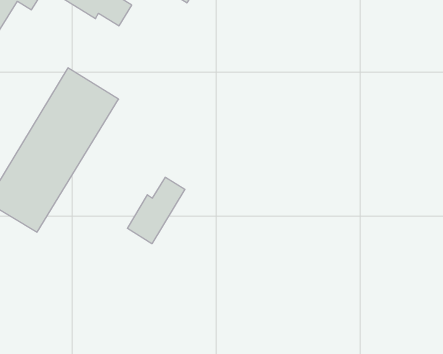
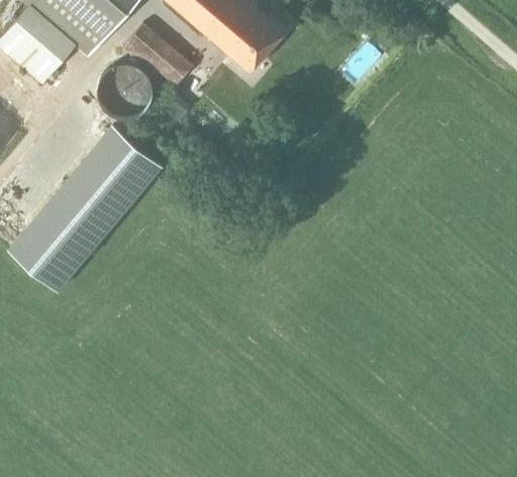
building: none -> [98,60,157,119]
building: [127,177,185,244] -> none

